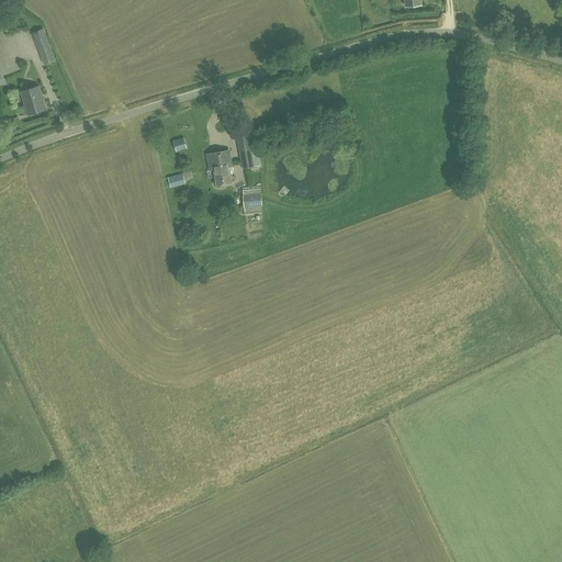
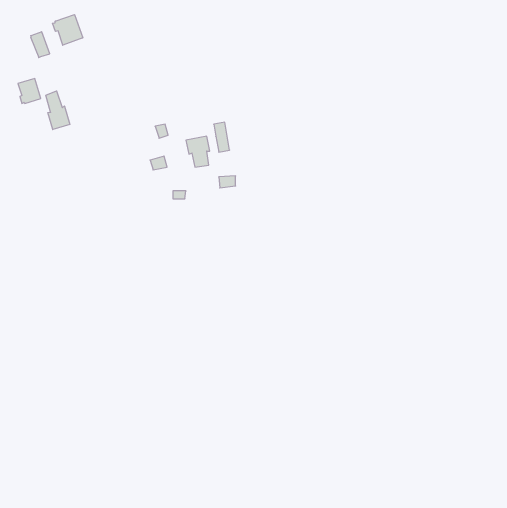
building: none -> [52,15,83,45]
building: none -> [46,91,70,130]

